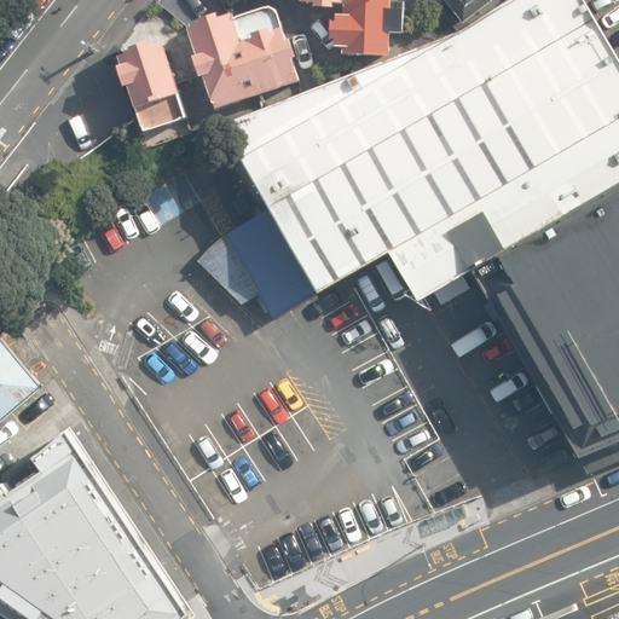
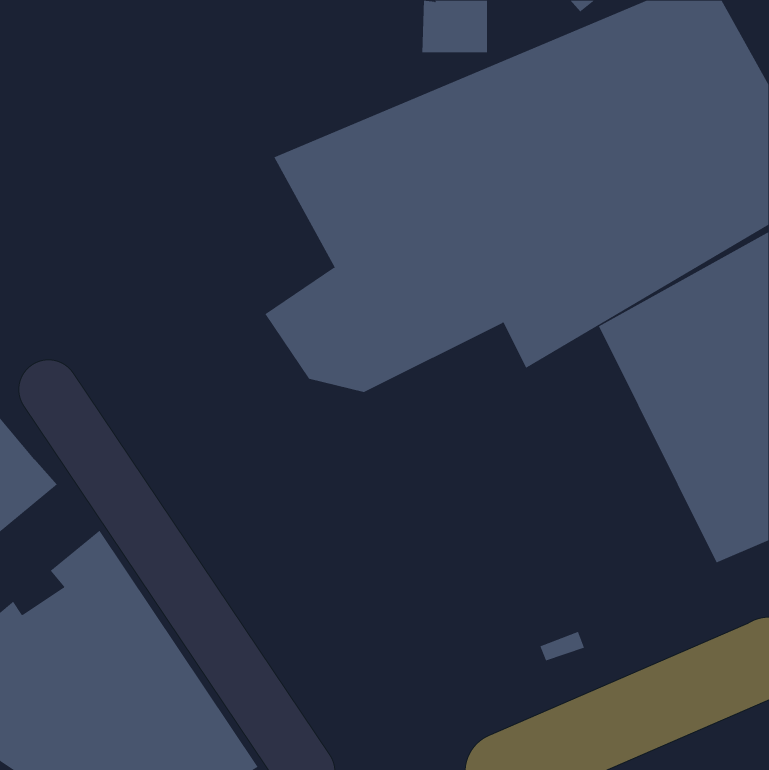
building: [191,12,297,110] -> none
building: [118,50,185,138] -> none

